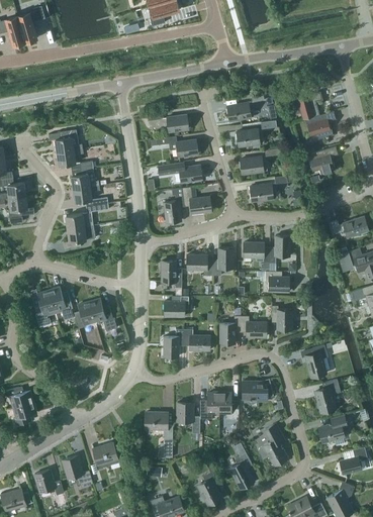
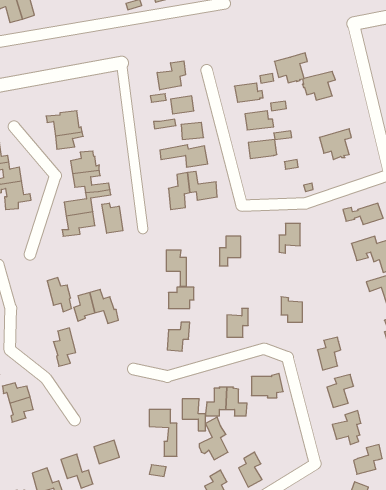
building: none -> [157,61,185,90]
building: [304,111,336,139] -> [274,53,307,83]
building: [250,184,280,202] -> none
building: none -> [102,203,123,233]
building: [243,243,269,264] -> none
building: [186,255,212,277] -> none
building: [265,272,288,292] -> none
building: [33,291,55,327] -> [53,328,76,366]
building: [240,317,266,337] -> none
building: [183,330,209,350] -> none
building: [259,423,286,463] -> [199,417,228,460]

